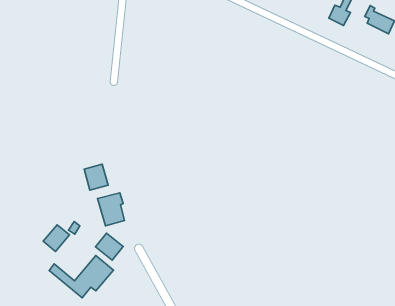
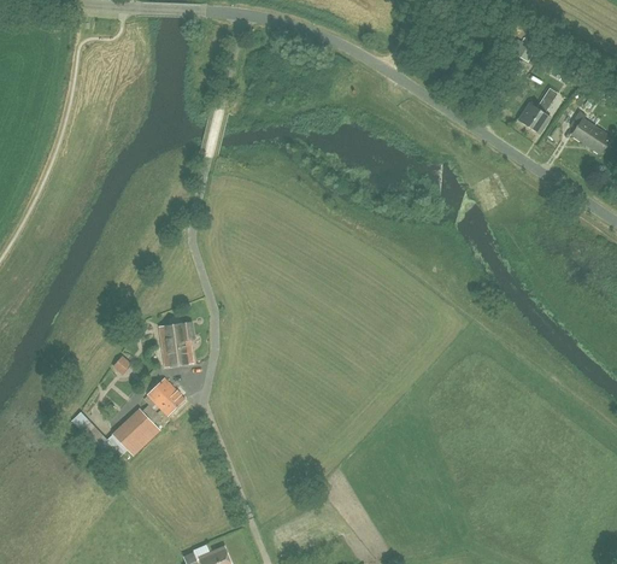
building: [84,164,108,190] -> none
building: [43,225,70,252] -> none

